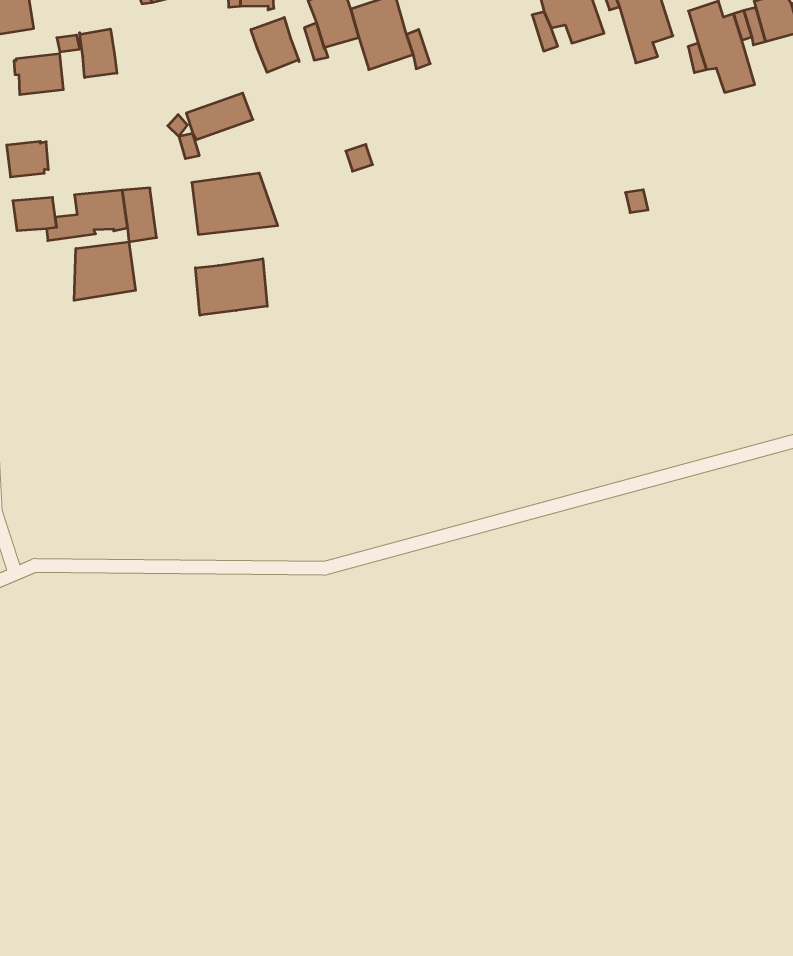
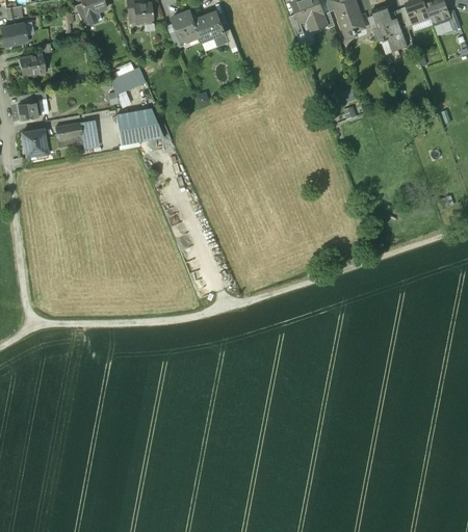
building: [251,17,299,72] -> none
building: [80,29,117,78] -> none
building: [74,242,136,300] -> none
building: [195,259,267,315] -> none

